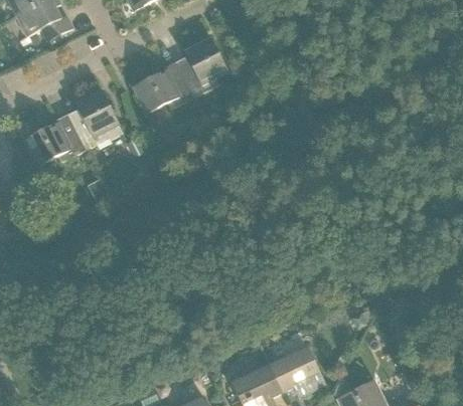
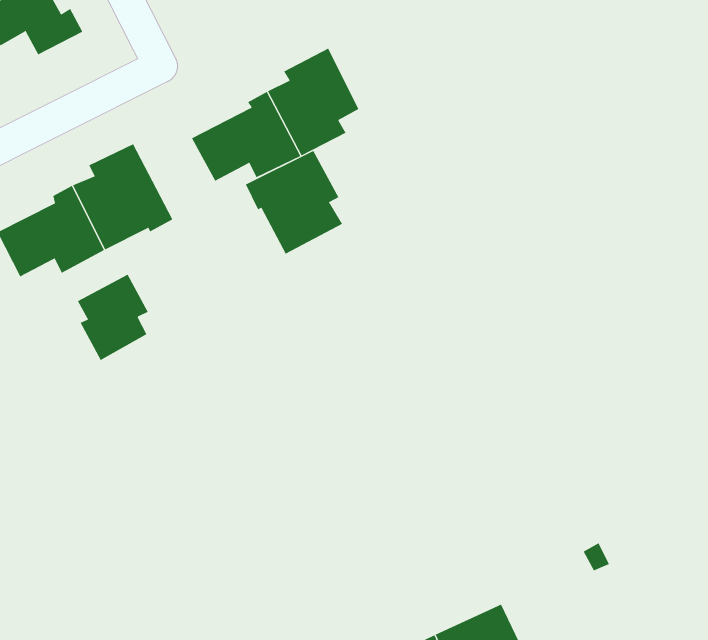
building: none -> [245,150,343,255]
building: none -> [77,274,149,361]

